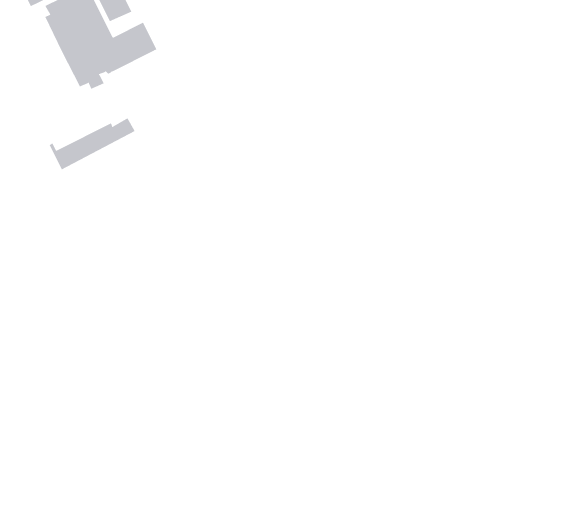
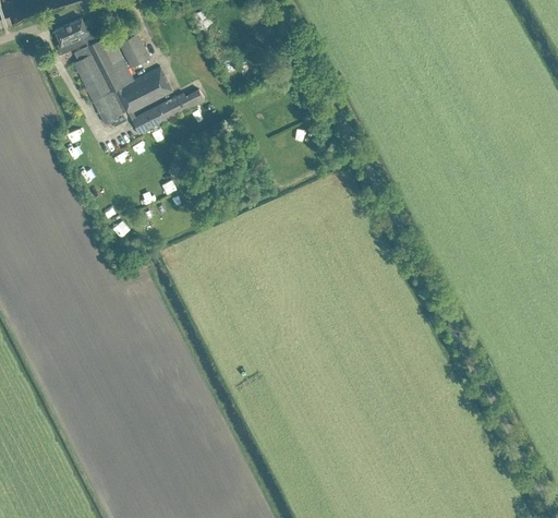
building: [49,117,135,170] -> [129,88,204,134]

